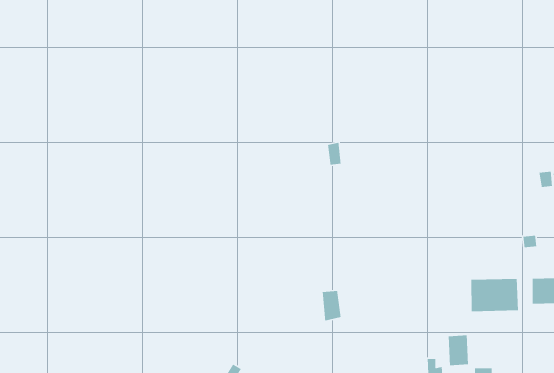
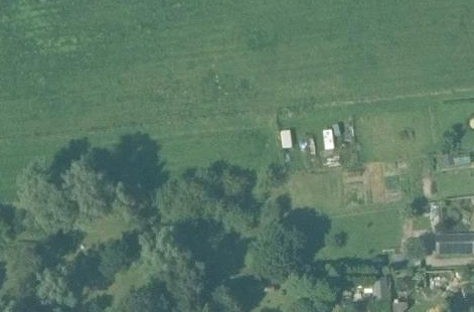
building: [471,278,519,312] -> none

